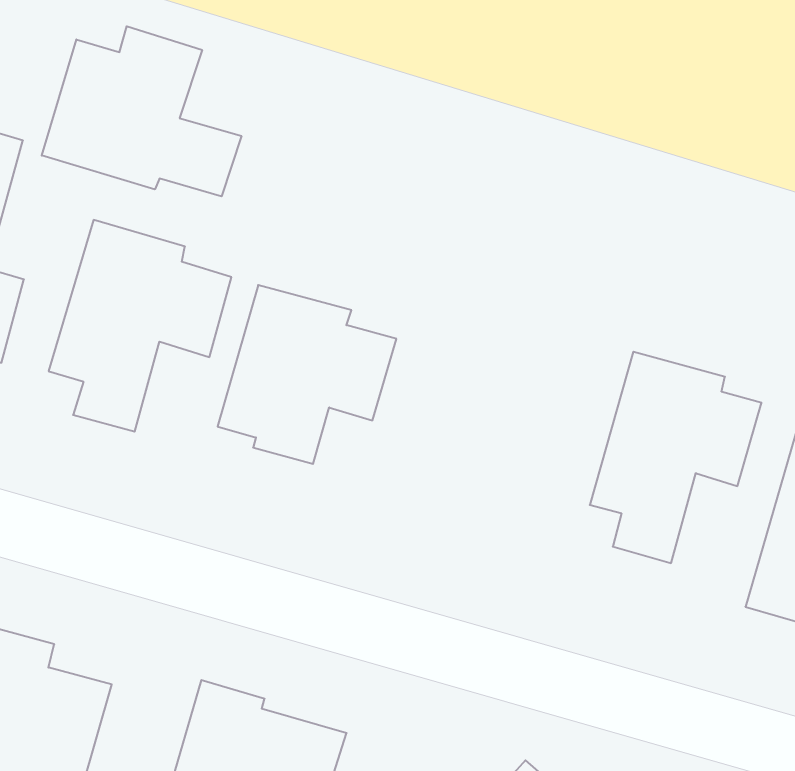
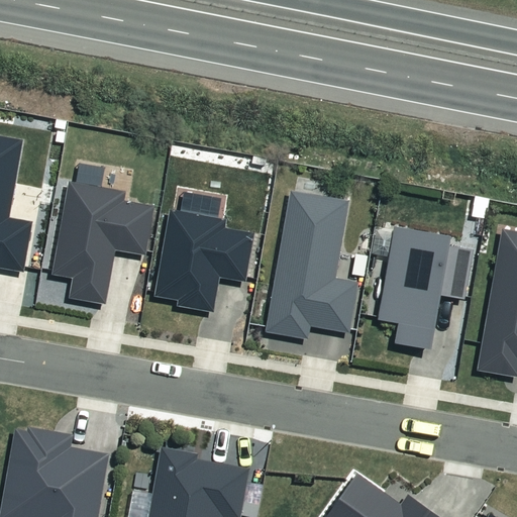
building: [42,26,241,196] -> none
building: none -> [266,191,358,338]

